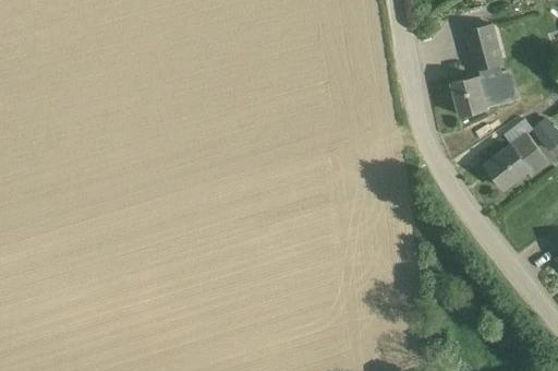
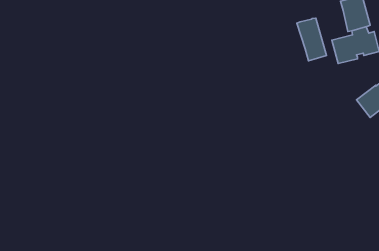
building: none -> [297,18,326,61]

